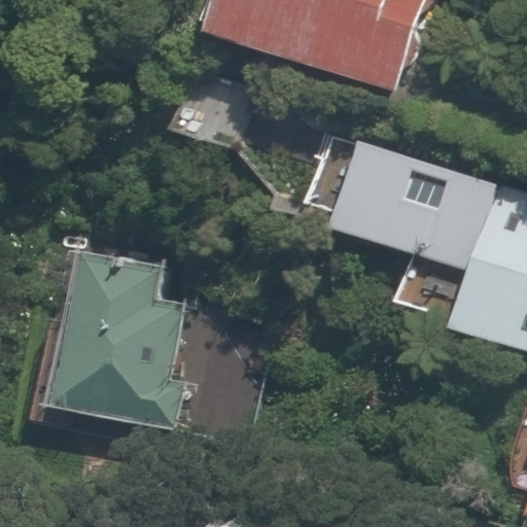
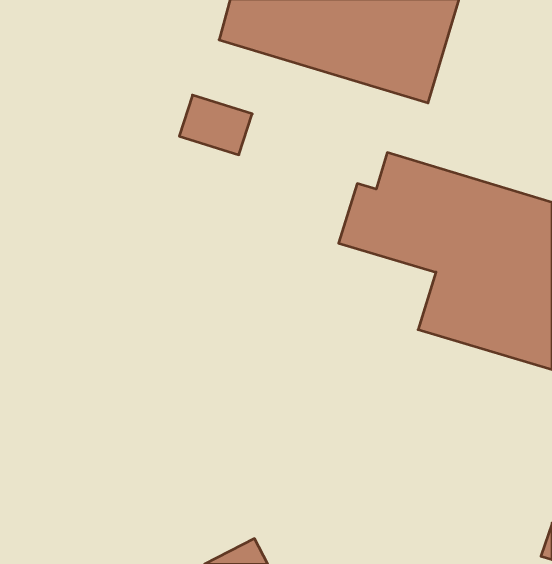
building: [49,233,199,416] -> none

